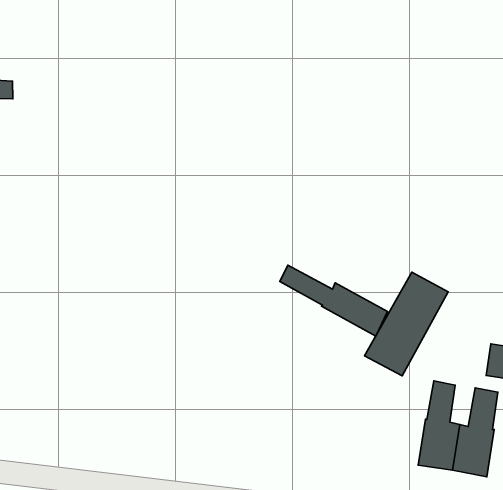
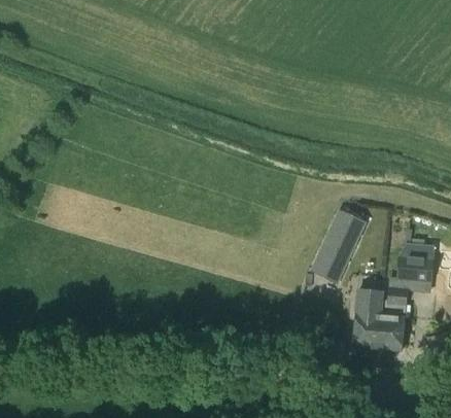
building: [280,265,388,336] -> none

